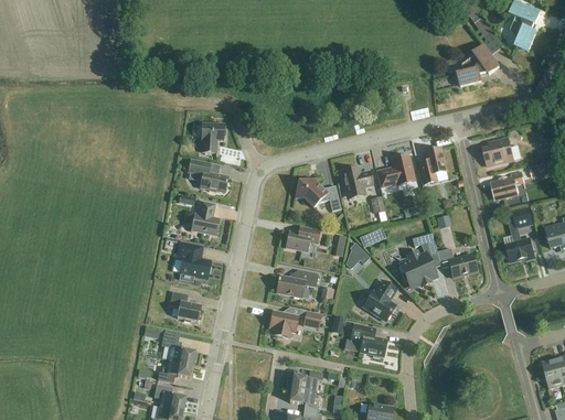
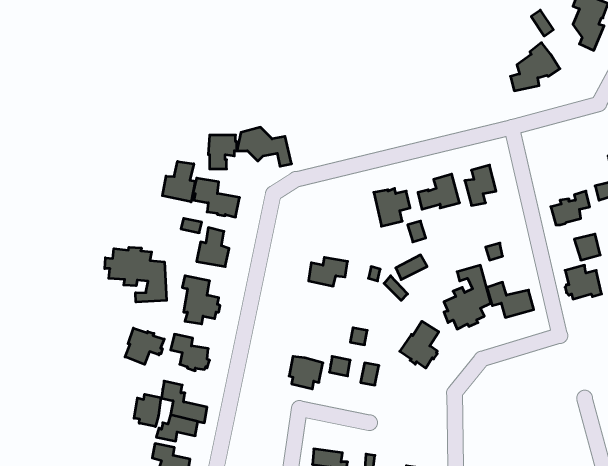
building: [483,138,513,165] -> none
building: none -> [162,161,195,202]
building: [295,177,341,211] -> [237,127,292,166]
building: none -> [105,247,167,302]
building: [276,269,318,297] -> none
building: none -> [125,328,164,364]
building: [350,324,386,357] -> none
building: none -> [134,394,161,427]
building: [286,369,323,391] -> none

